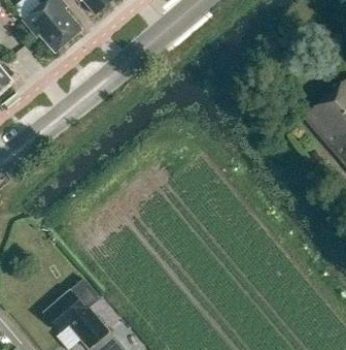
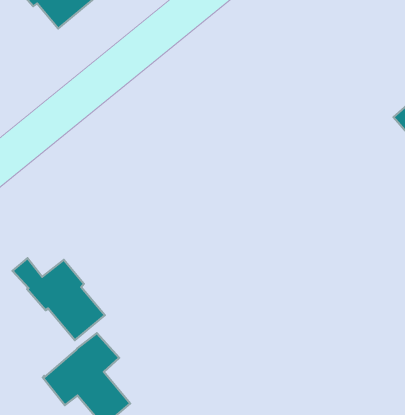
building: none -> [13,258,105,340]

